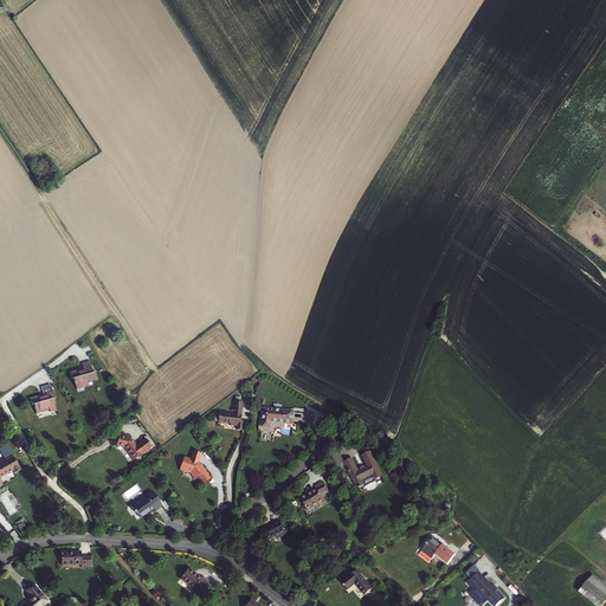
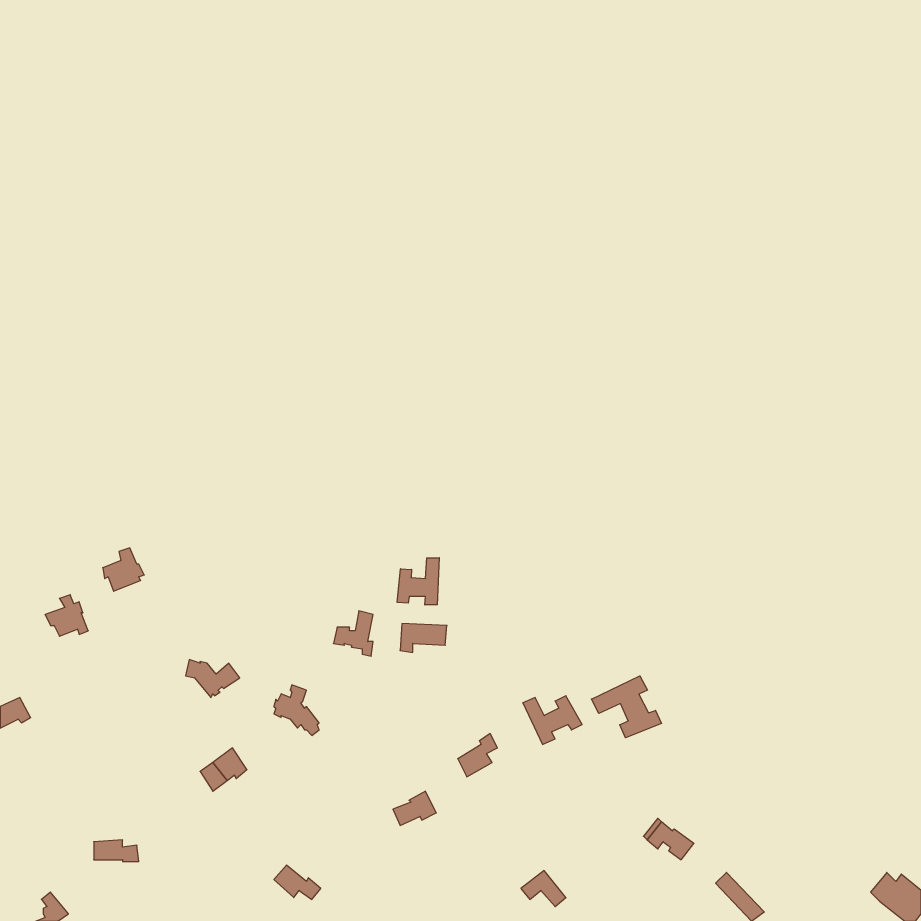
building: none -> [397,558,439,605]
building: none -> [591,676,662,738]

